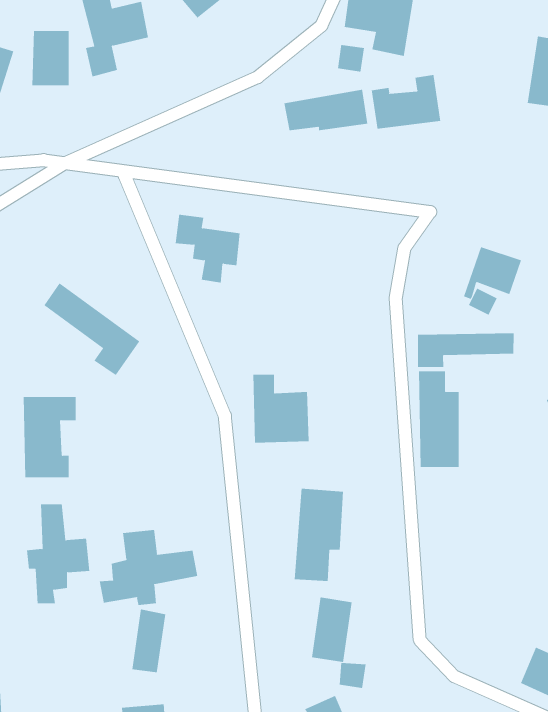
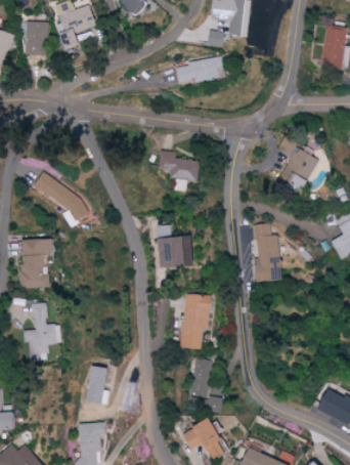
building: [371,74,441,130] -> none
building: [175,214,241,283] -> [160,151,199,192]
building: [417,332,514,368] -> none
building: [99,529,198,606] -> none

